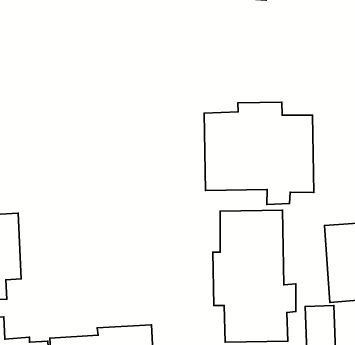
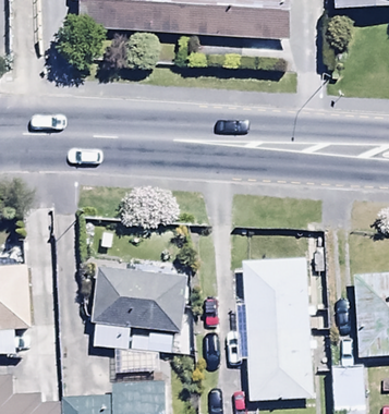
building: [204,102,314,205] -> none
building: none -> [93,268,189,352]

